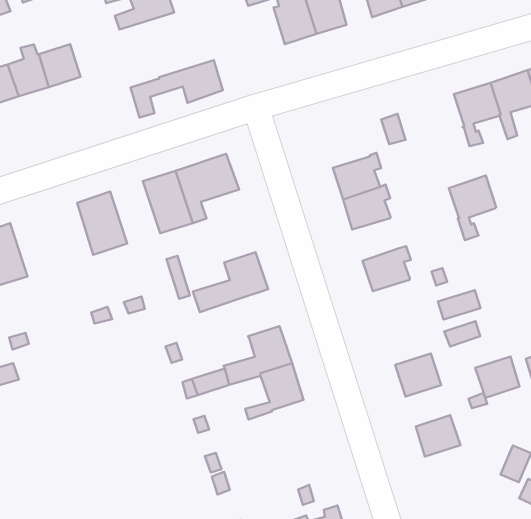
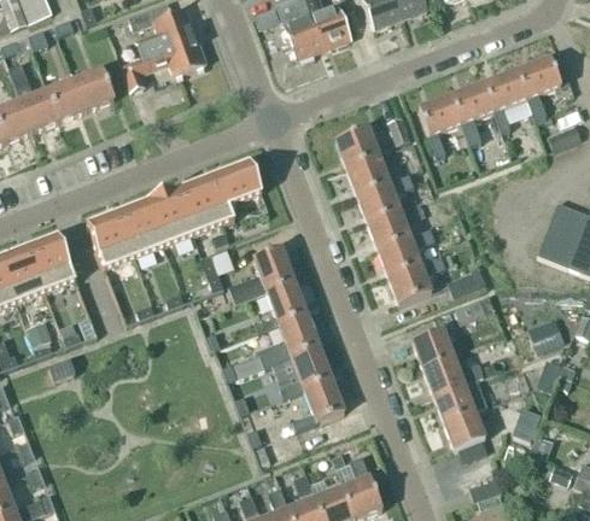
building: [131,60,223,118] -> [121,35,204,90]
building: none -> [334,124,378,166]
building: [449,176,496,240] -> [417,94,461,153]
building: none -> [146,188,193,245]
building: none -> [86,211,134,268]
building: none -> [366,206,409,248]
building: none -> [387,260,431,304]
building: none -> [255,279,305,332]
building: [475,356,520,398] -> [422,356,463,394]
building: none -> [292,376,344,429]
building: none -> [443,409,484,449]

